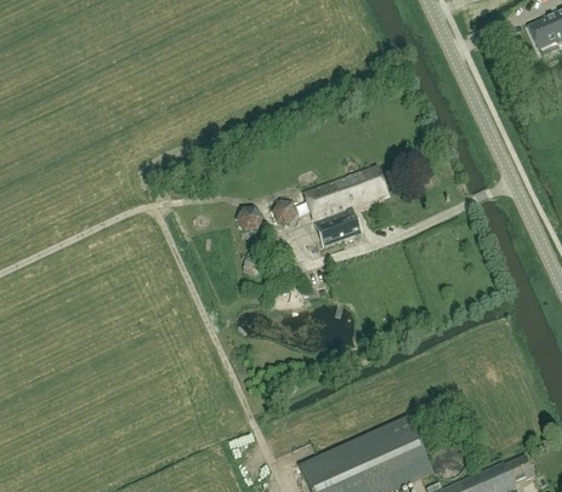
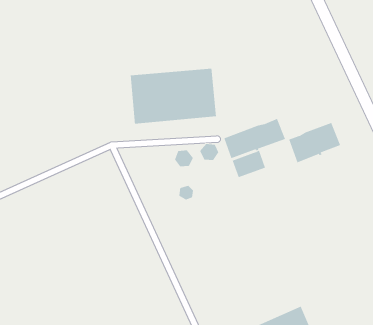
building: none -> [130,68,217,124]
building: none -> [288,122,341,163]

